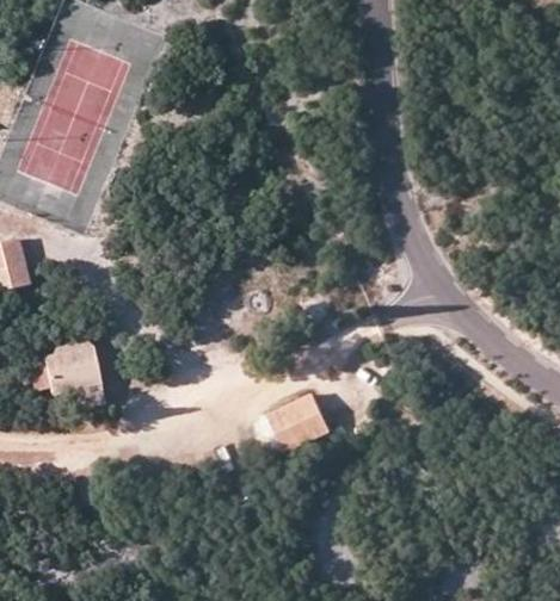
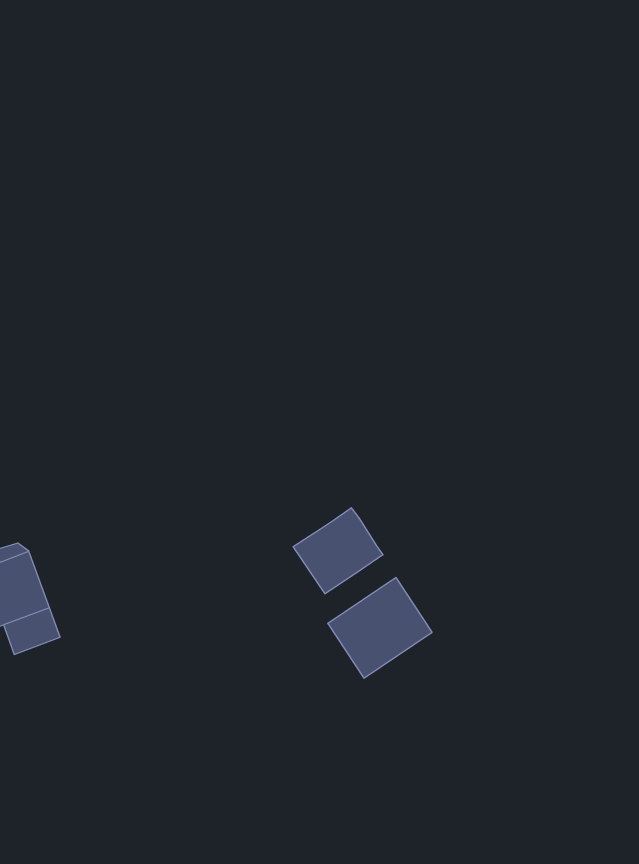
building: none -> [293,508,383,594]

